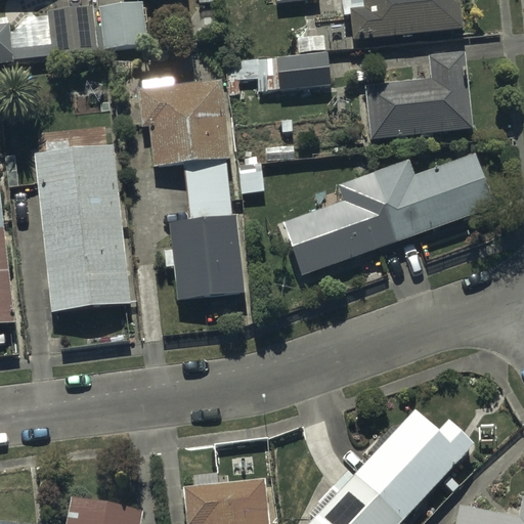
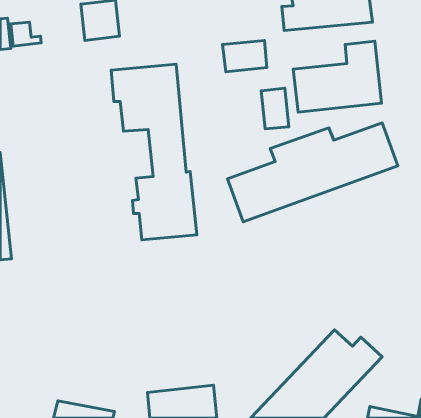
building: [49,5,98,54] -> none
building: none -> [261,88,289,129]
building: [34,144,131,311] -> none

